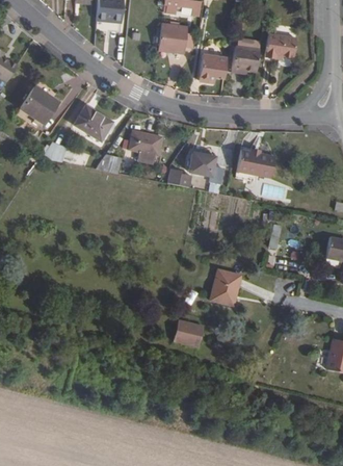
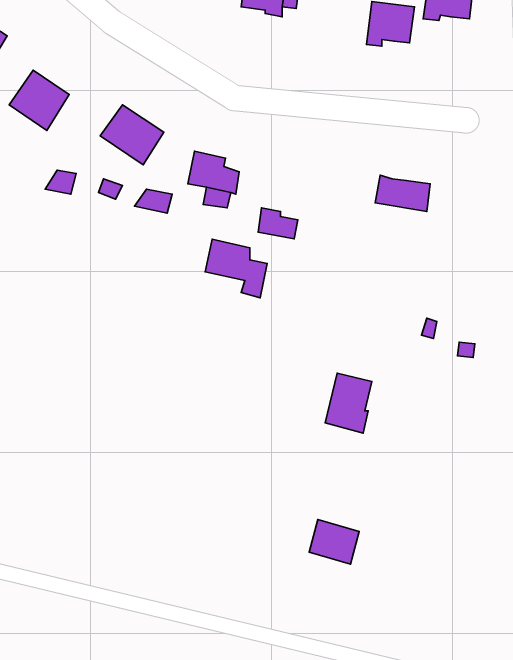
building: [201,51,230,78] -> none
building: [189,153,227,188] -> [205,239,267,298]
building: [173,318,203,345] -> [309,519,359,564]

